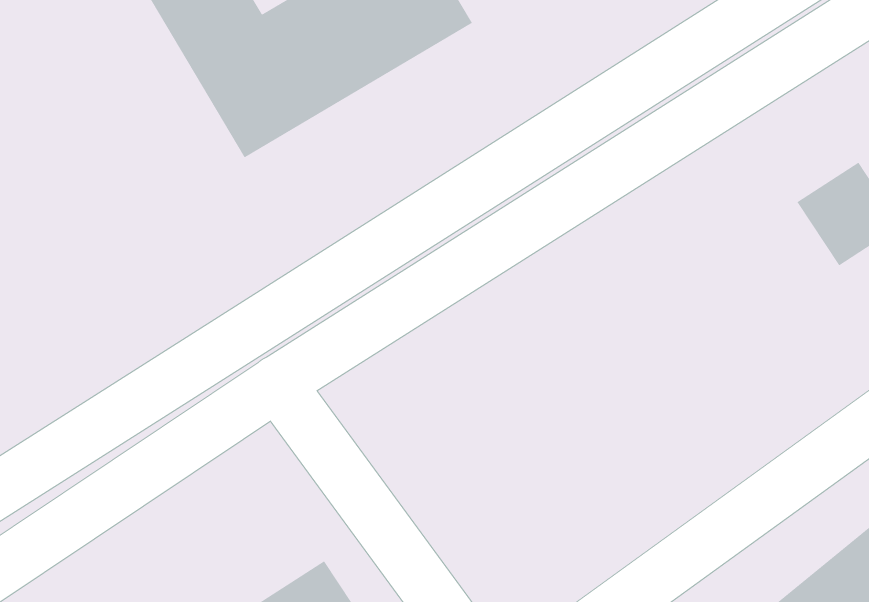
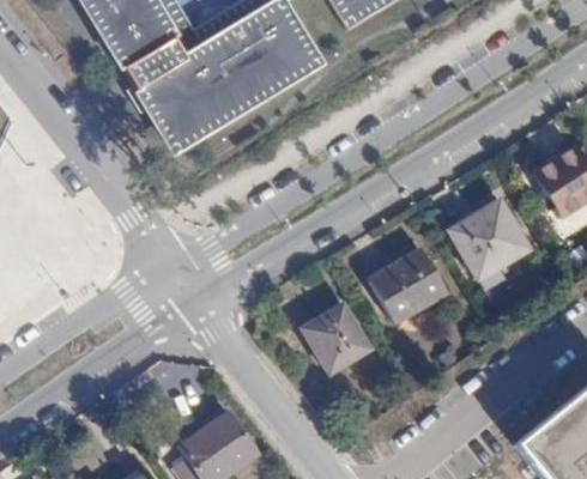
building: none -> [449,199,531,278]
building: none -> [373,256,446,326]
building: none -> [301,302,368,370]

